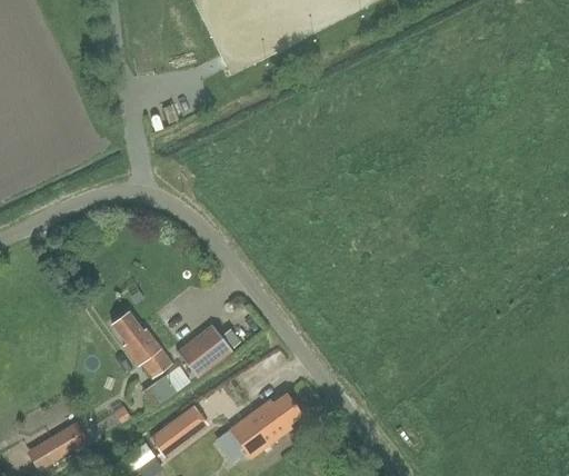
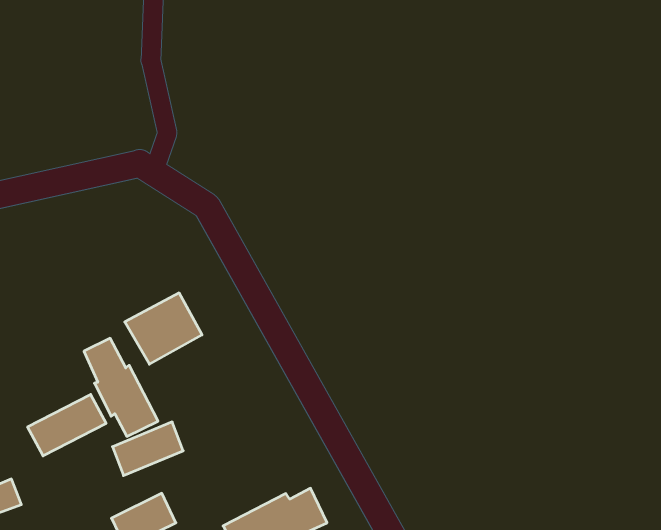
building: [177,324,232,377] -> [125,293,202,364]
building: none -> [28,394,106,456]

